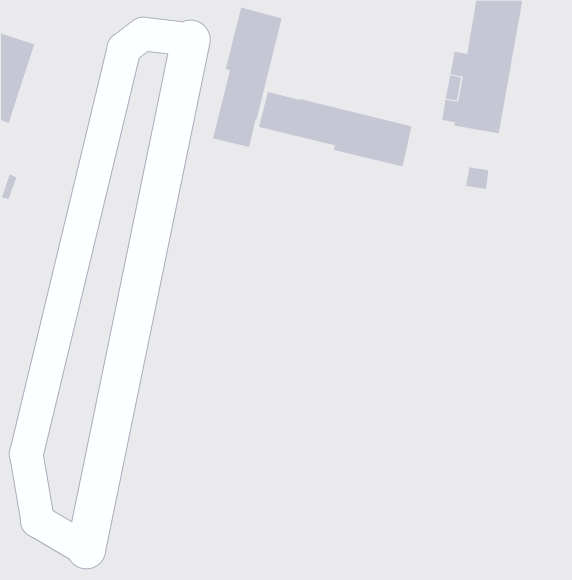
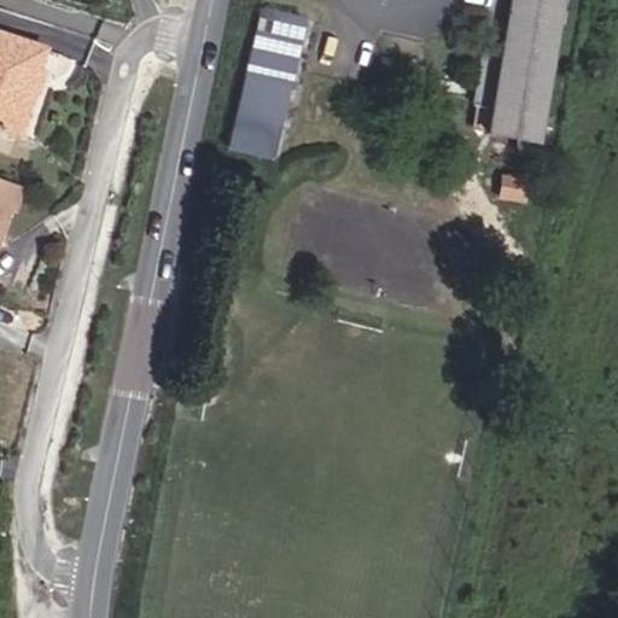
building: [258,91,412,167] -> none

